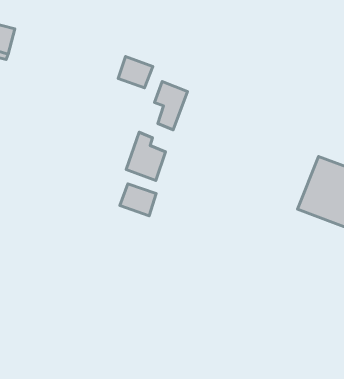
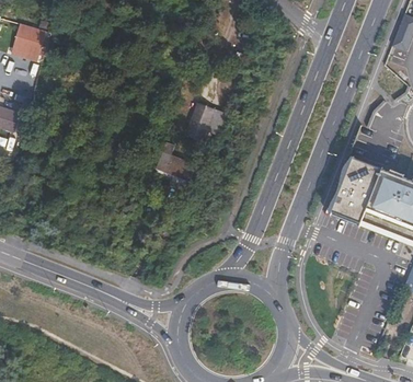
building: [118,56,153,88] -> none
building: [120,184,156,216] -> none

